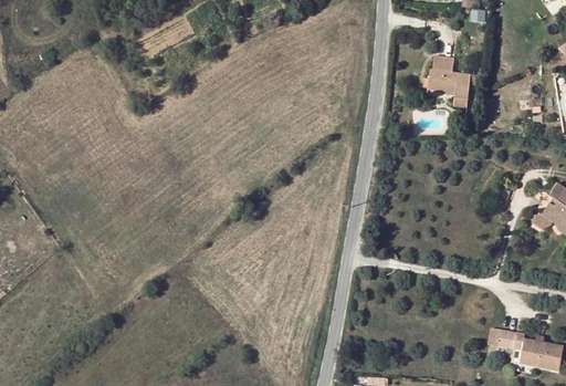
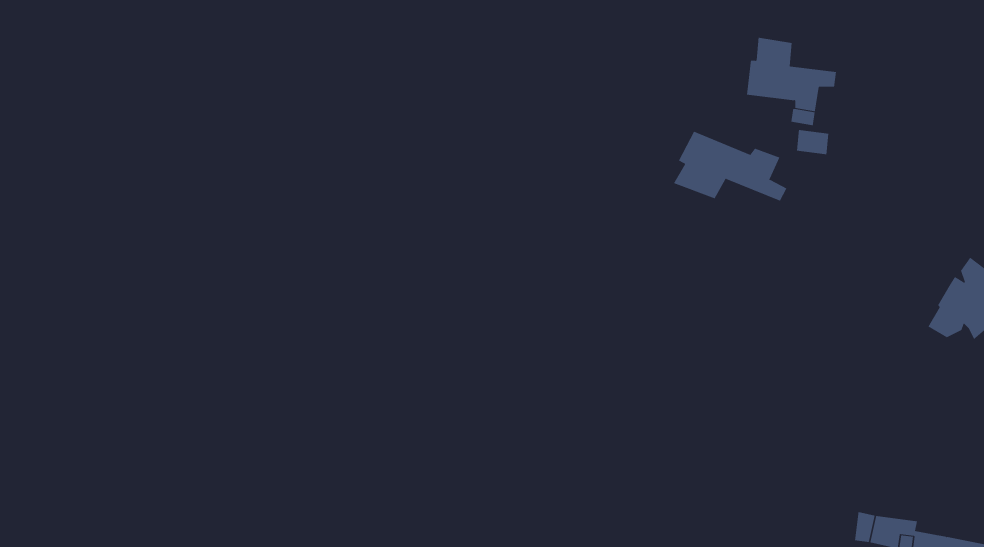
building: none -> [673,131,787,202]

